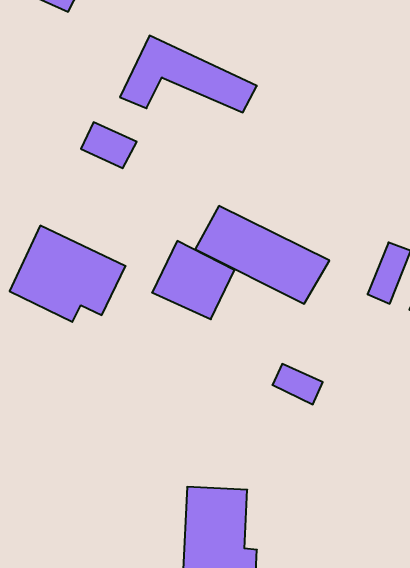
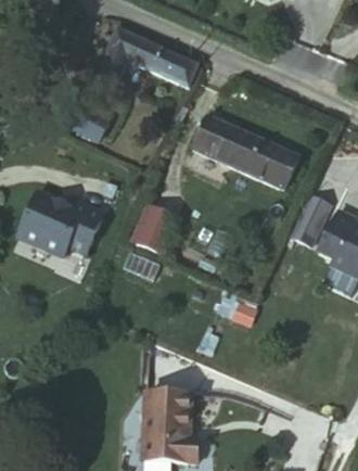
building: [195,206,329,304] -> [200,113,304,189]

